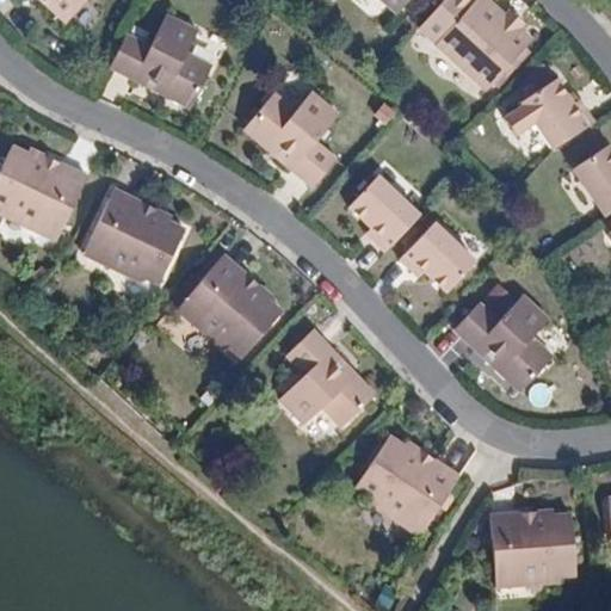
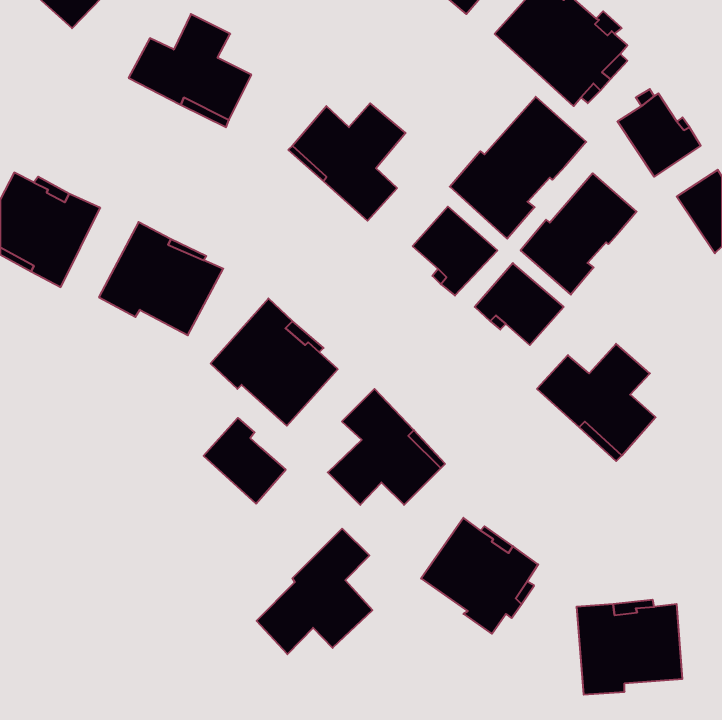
building: none -> [450,97,586,239]
building: none -> [521,173,637,295]
building: none -> [204,418,286,504]
building: none -> [257,529,372,654]

